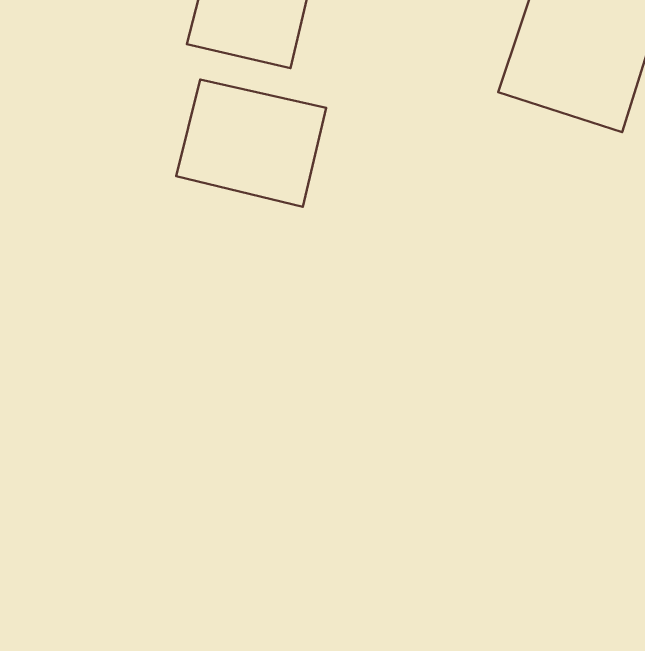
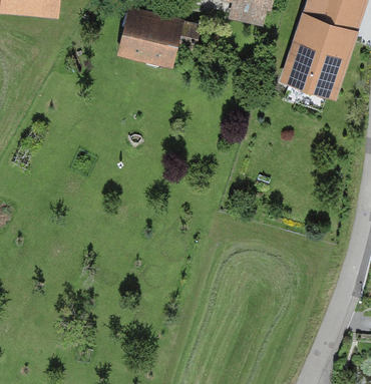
building: [176,79,326,207] -> none

